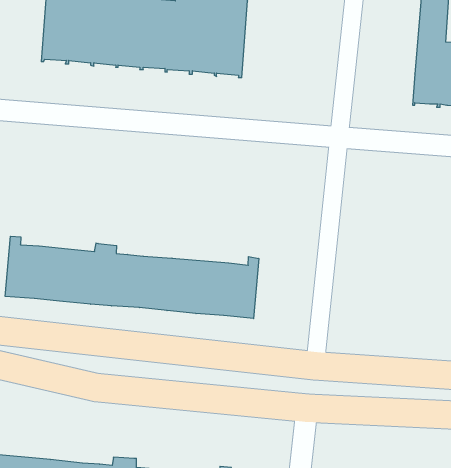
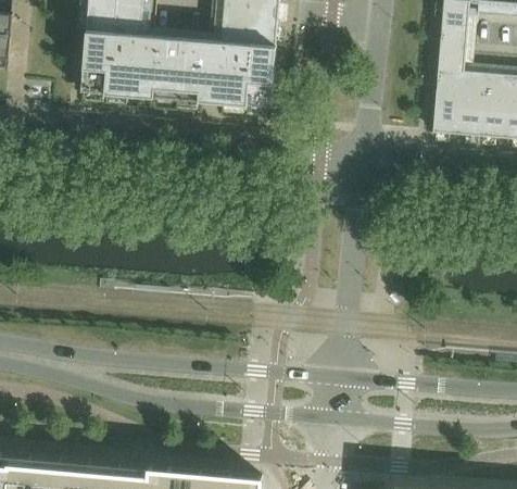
building: [5,236,259,319] -> none

